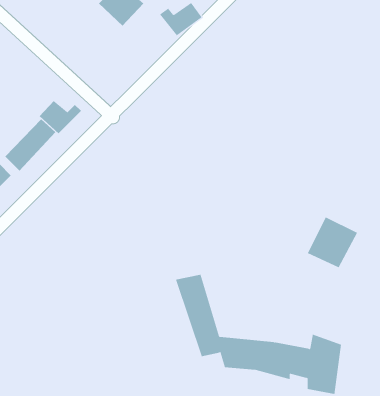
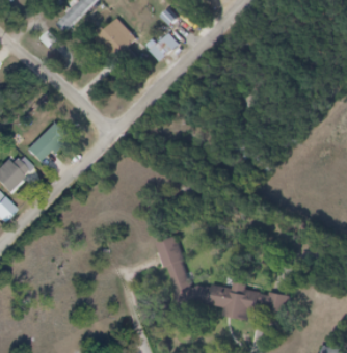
building: [39,100,82,134] -> none
building: [307,216,358,268] -> none

